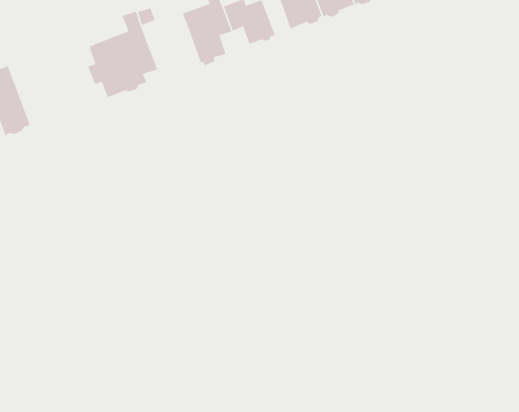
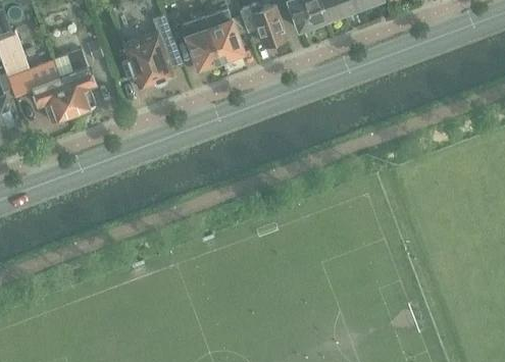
building: none -> [180,15,218,67]
building: none -> [52,50,94,112]

